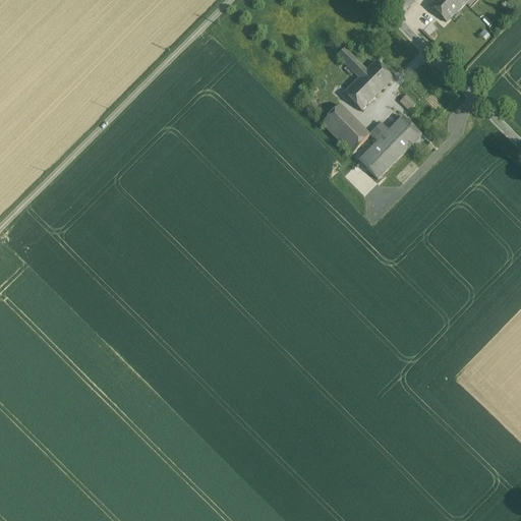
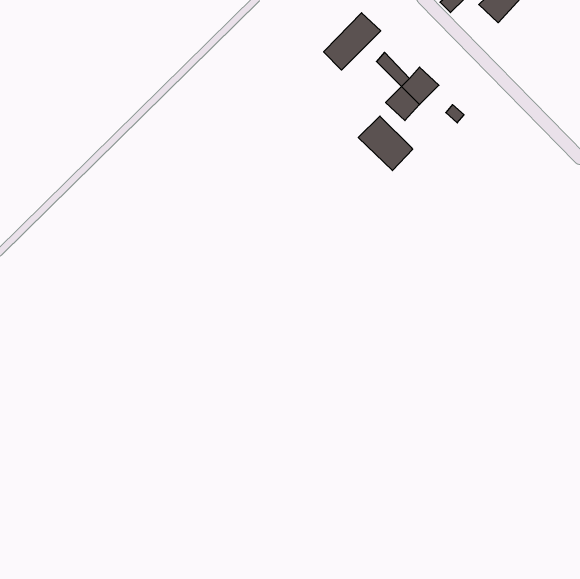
building: none -> [324,13,381,70]
building: [358,114,421,177] -> none

